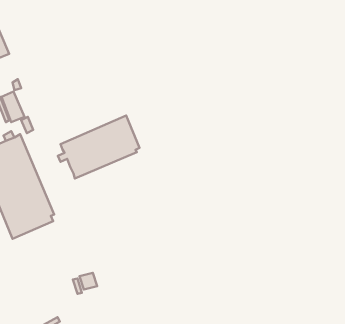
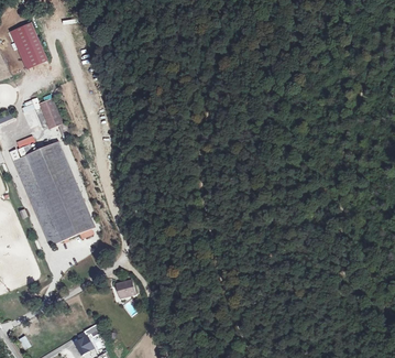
building: [58,115,140,178] -> none

